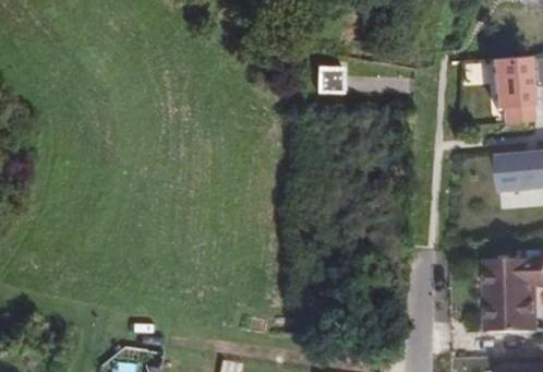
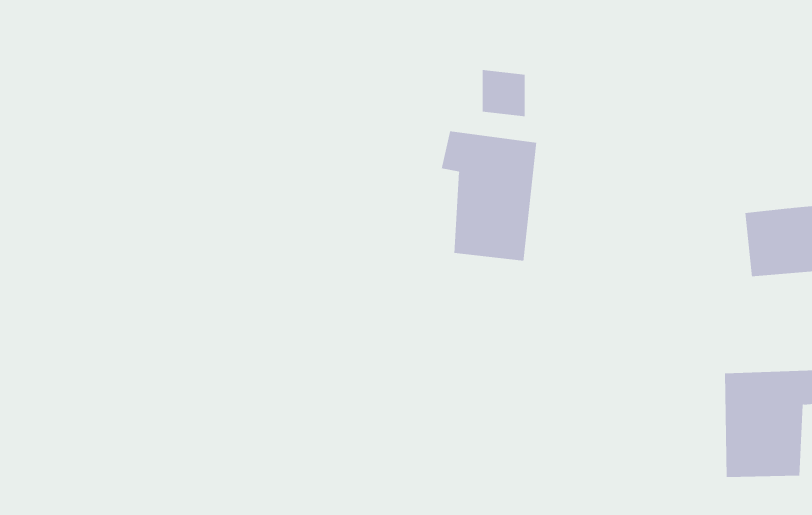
building: [493,53,534,105] -> none
building: none -> [441,131,537,262]

